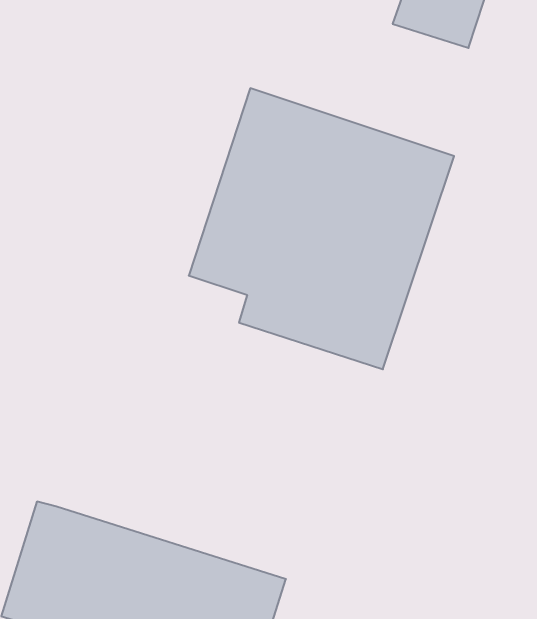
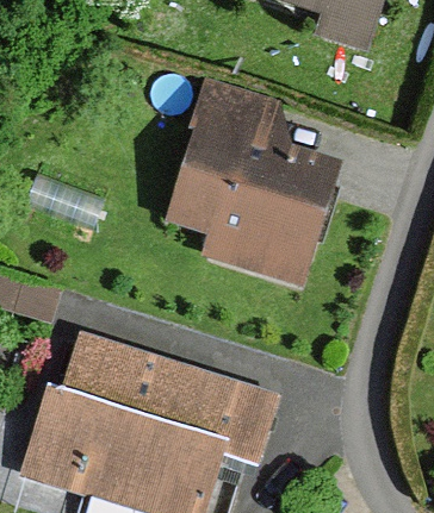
building: none -> [62,330,284,456]

